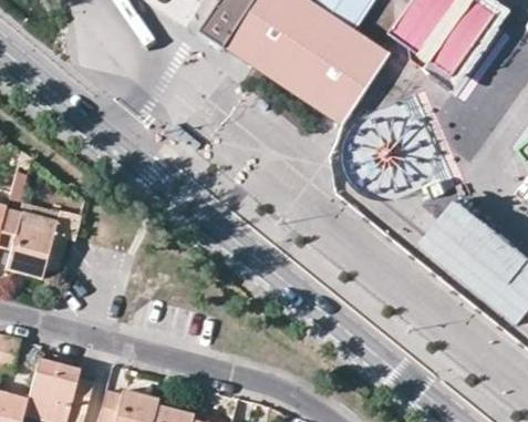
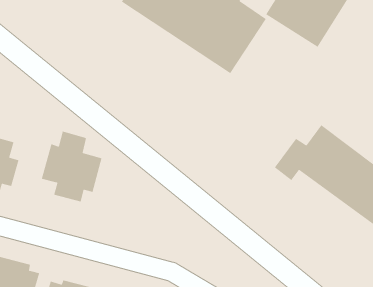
building: none -> [41,130,102,203]

